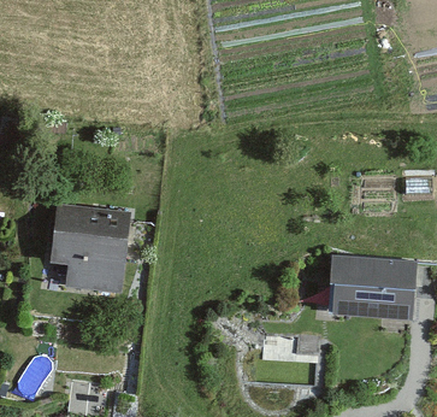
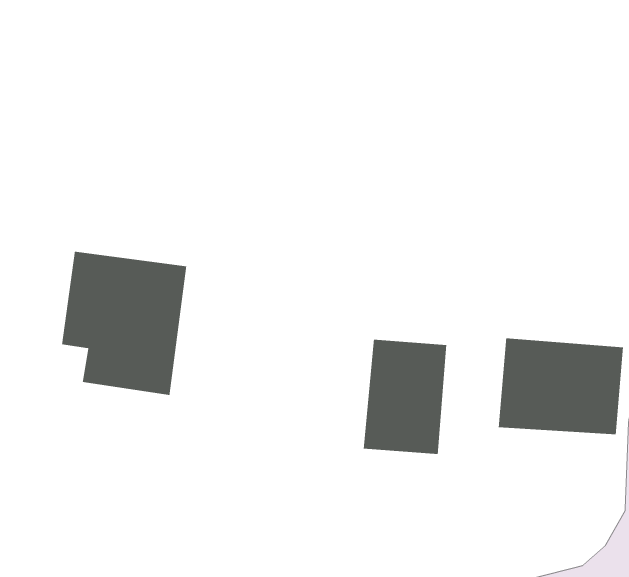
building: none -> [363,339,447,455]

